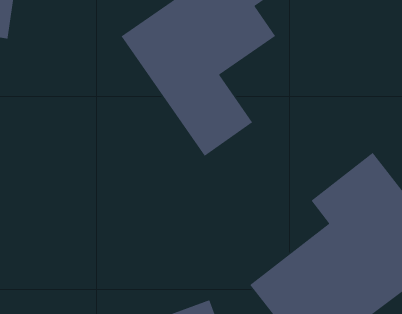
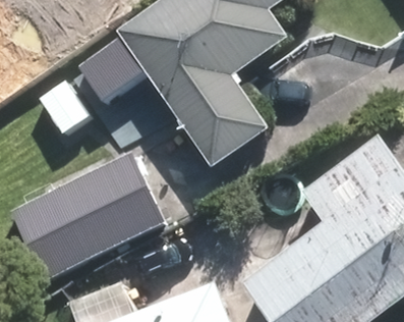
building: none -> [41,159,153,257]

